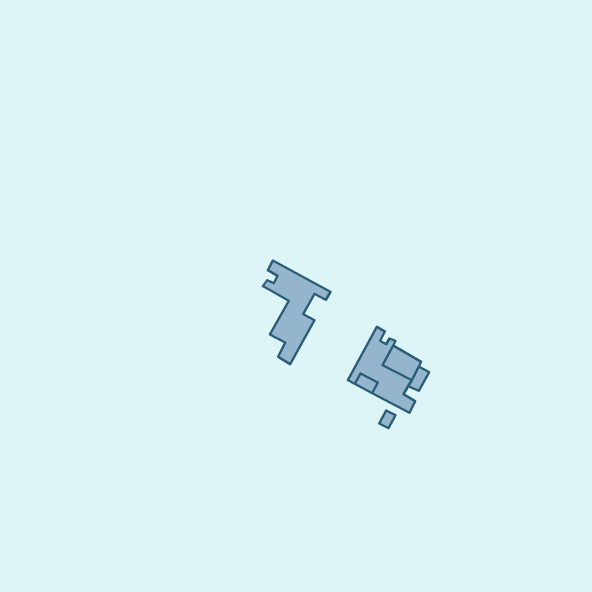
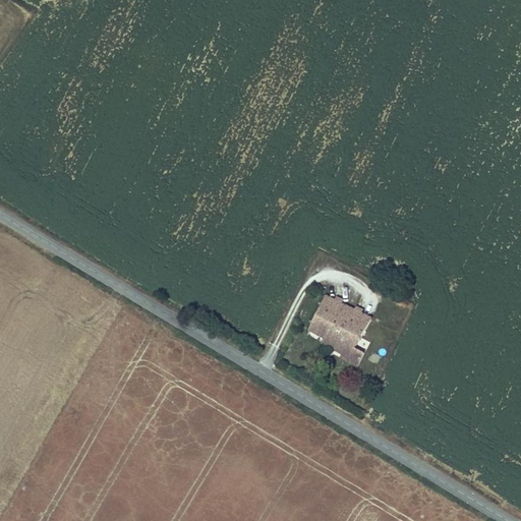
building: [263,260,331,364] -> none

